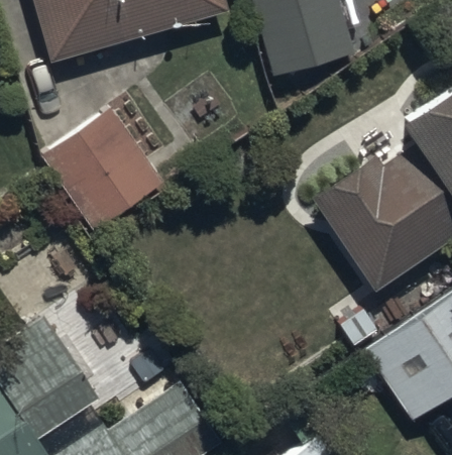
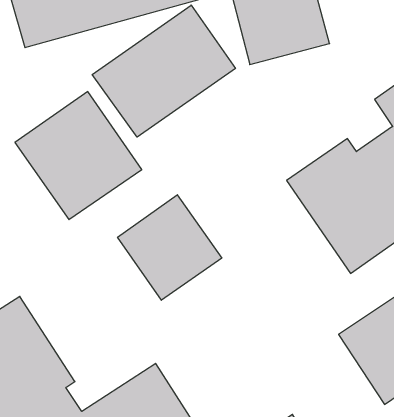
building: none -> [92,5,235,137]
building: none -> [118,195,222,300]

